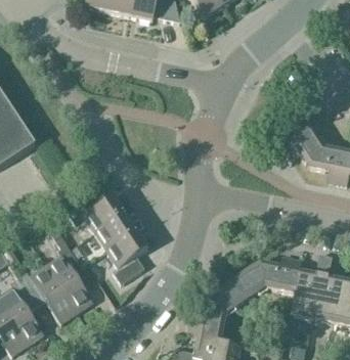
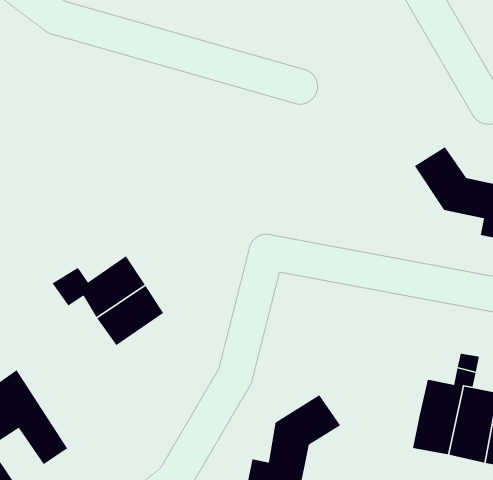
building: [107,229,148,283] -> none
building: [46,235,94,313] -> none
building: [233,257,303,299] -> none

